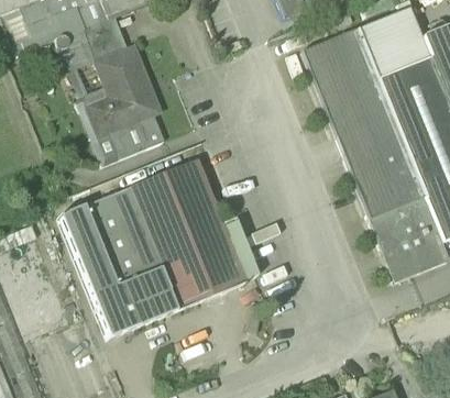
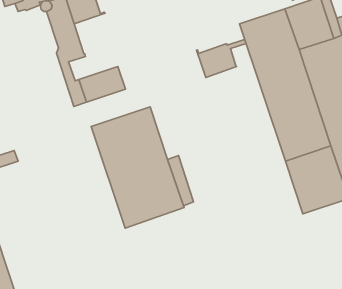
building: [92,46,160,132] -> none
building: none -> [197,39,246,78]
building: [58,187,175,336] -> none

